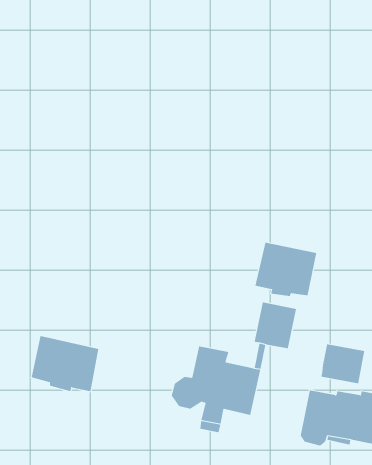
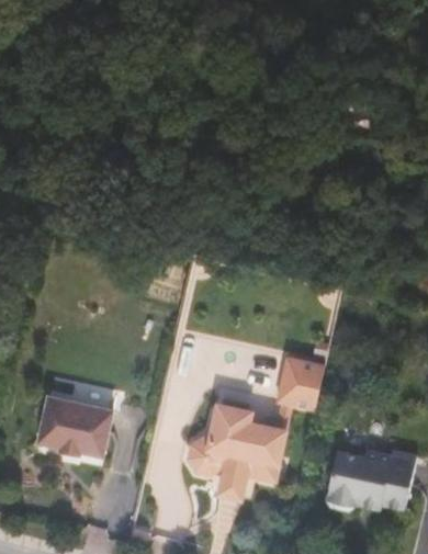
building: [255,242,317,297] -> none
building: [321,344,365,384] -> none

